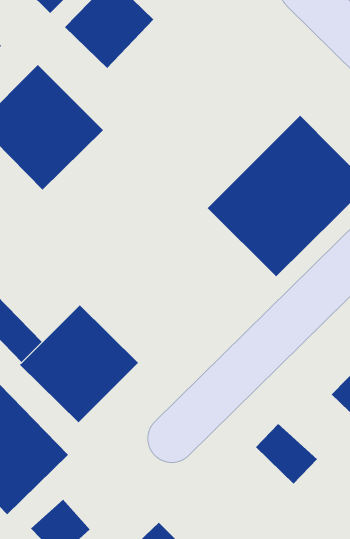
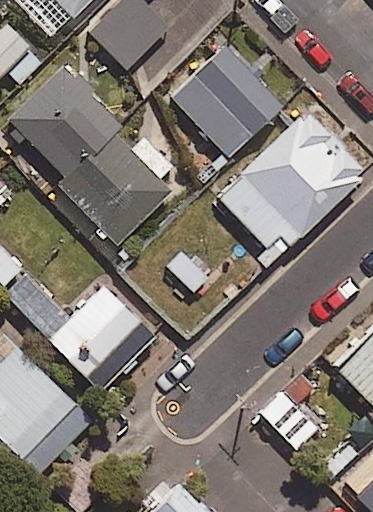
building: none -> [175,49,283,158]
building: none -> [64,138,170,243]

